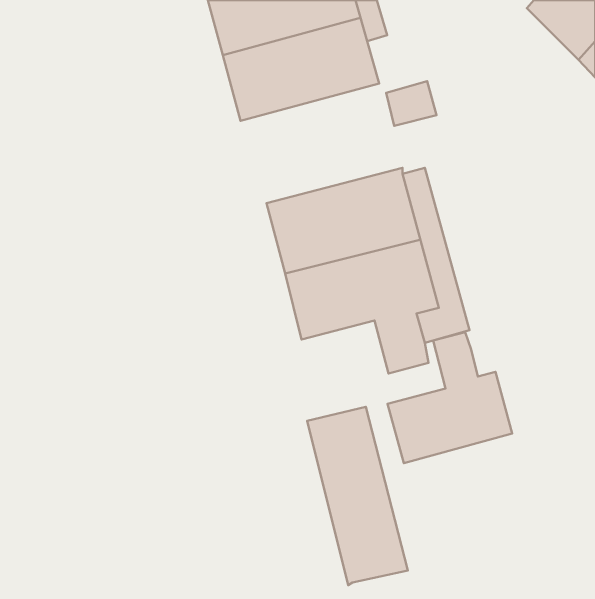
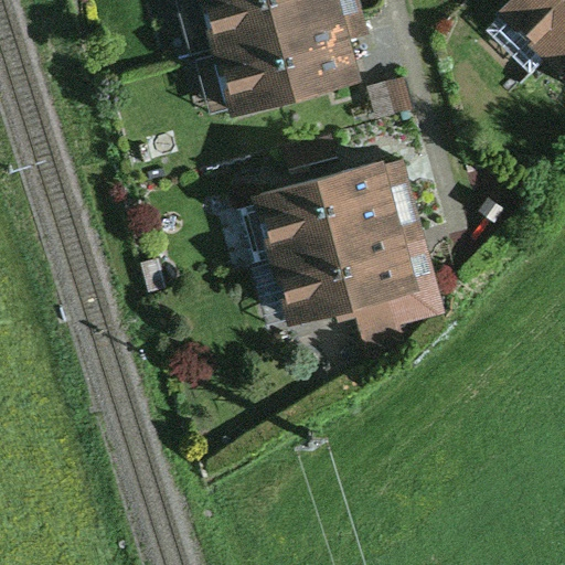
building: [388,332,512,463] -> none
building: [307,407,408,585] -> none

